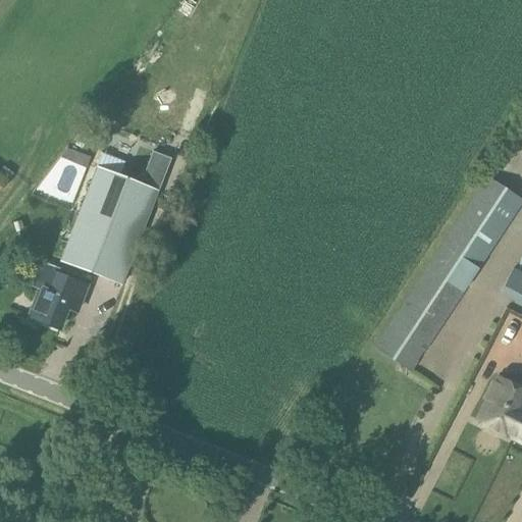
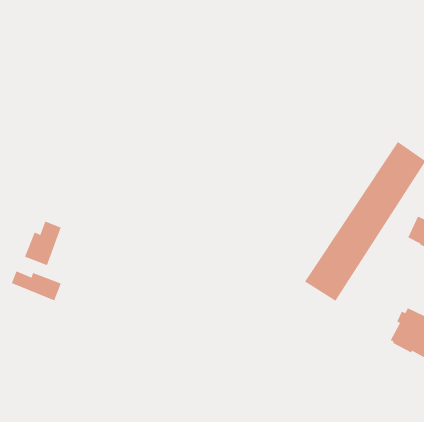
building: [60,151,171,283] -> none
building: none -> [11,271,61,301]

